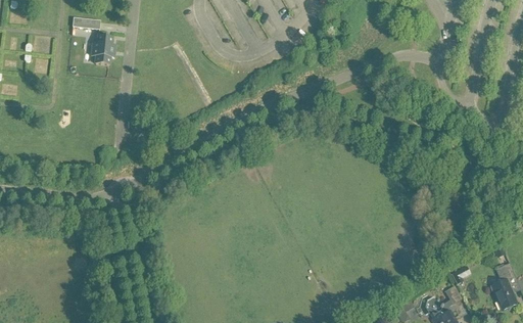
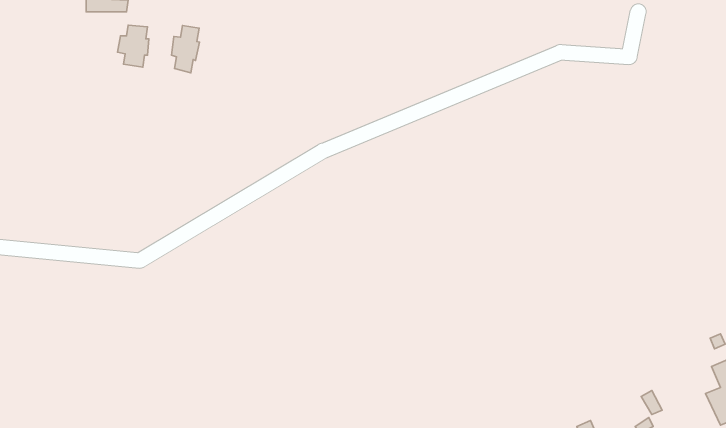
building: none -> [172,25,199,73]

